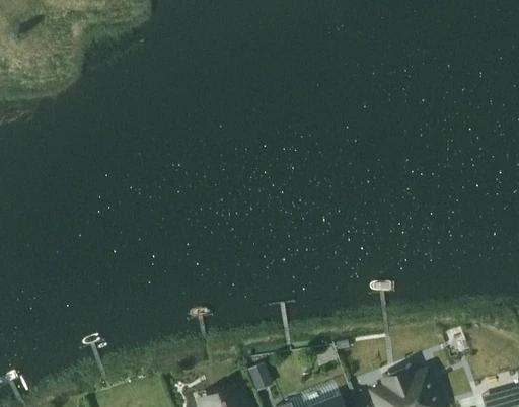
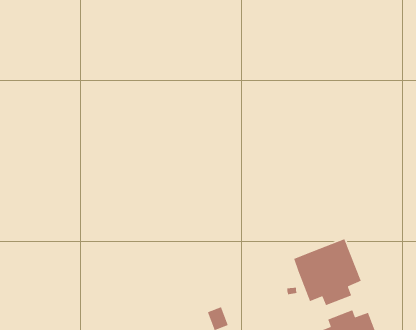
building: none -> [293,238,362,306]

